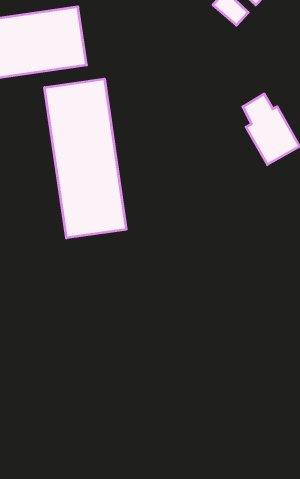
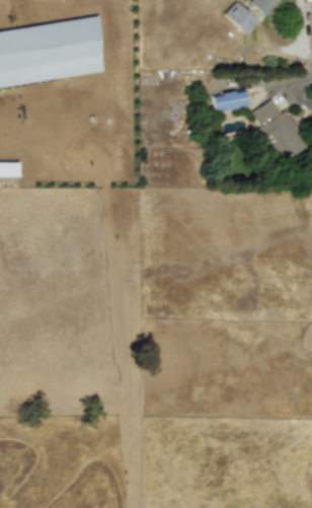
building: [45,79,126,238] -> none
building: none -> [216,90,250,111]

